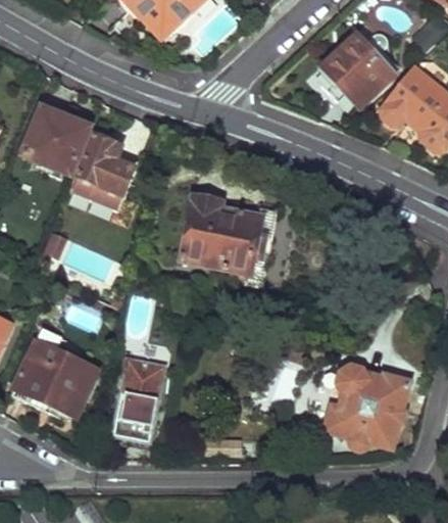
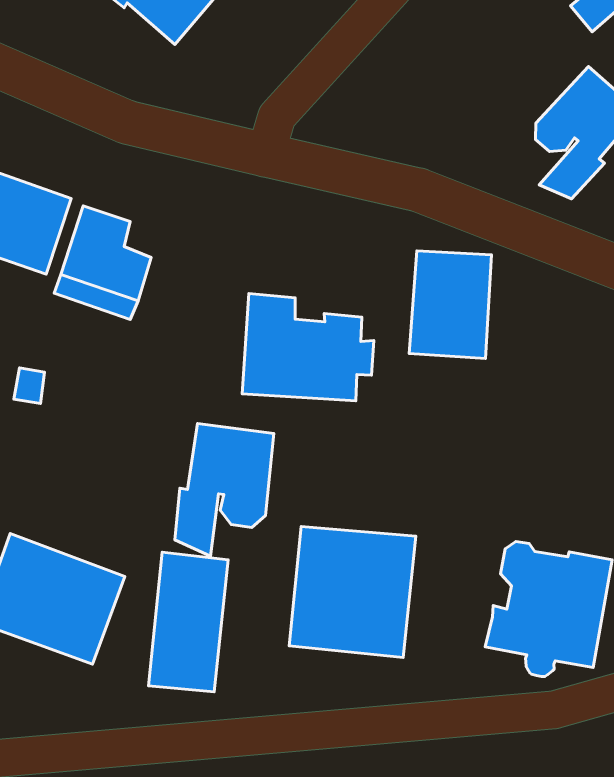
building: [321,39,388,108] -> none
building: none -> [409,251,492,358]
building: none -> [175,424,274,556]
building: none -> [289,526,416,658]

